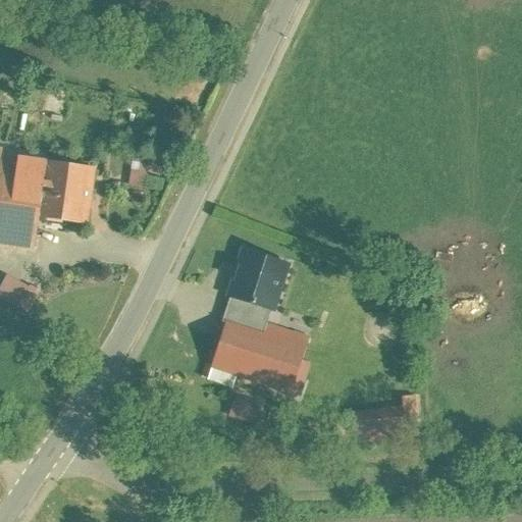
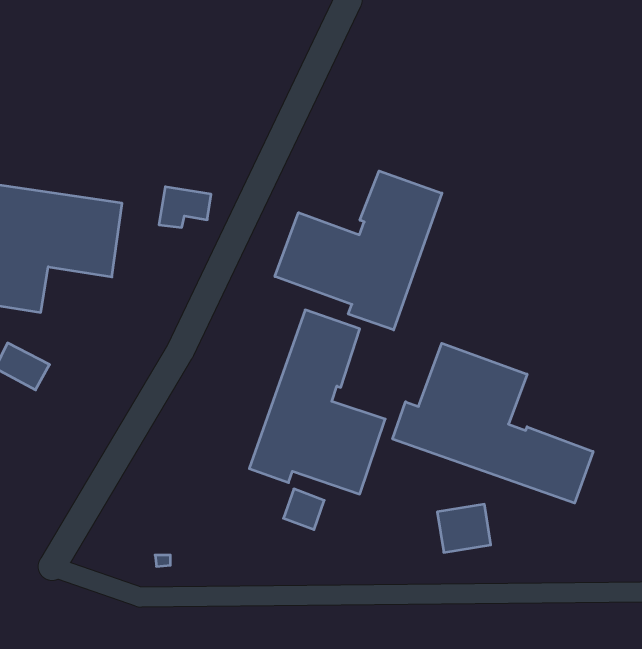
building: none -> [275,171,442,330]
building: none -> [393,343,593,503]

